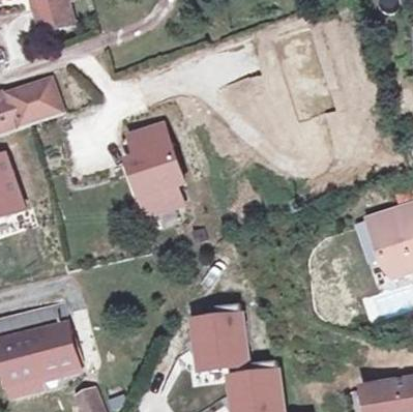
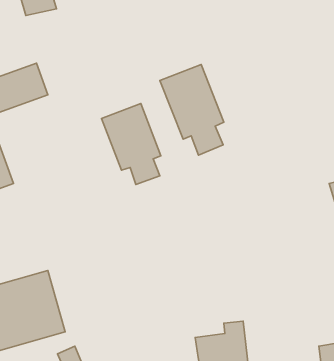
building: none -> [160,64,224,155]
building: [189,302,246,367] -> none

